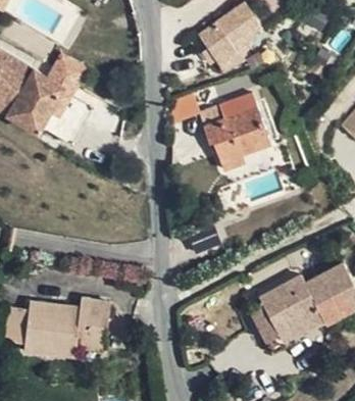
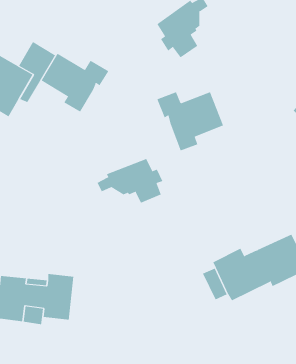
building: none -> [41,53,109,113]
building: none -> [97,158,163,204]

